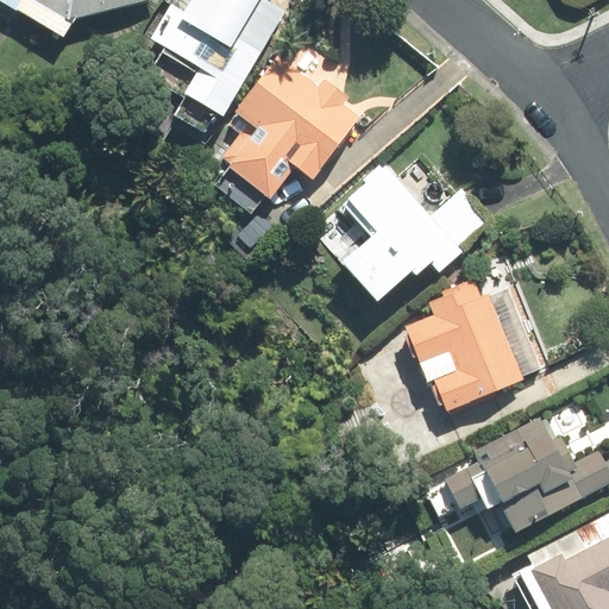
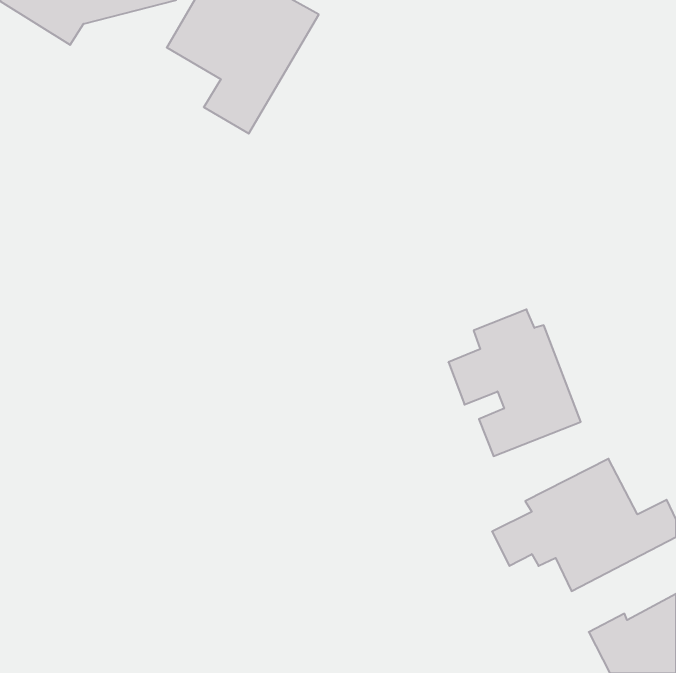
building: [221,56,362,202] -> none
building: [339,164,496,301] -> none

